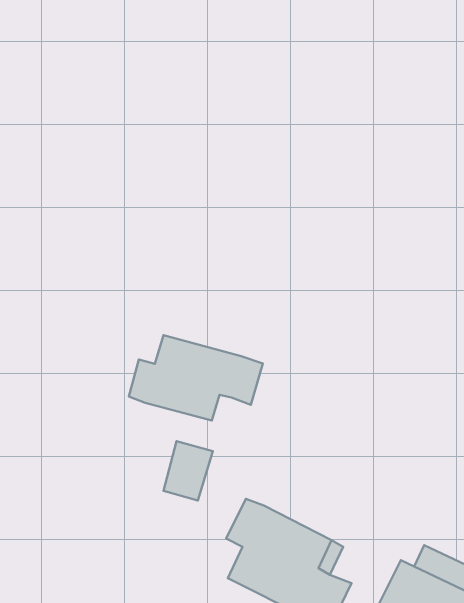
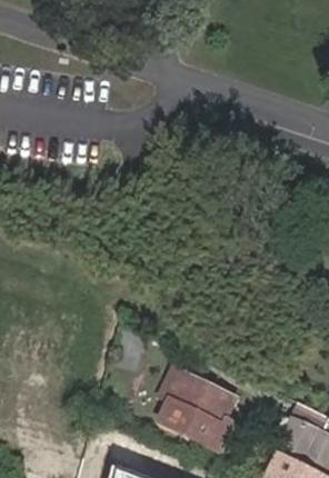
building: [129,335,263,421] -> none

